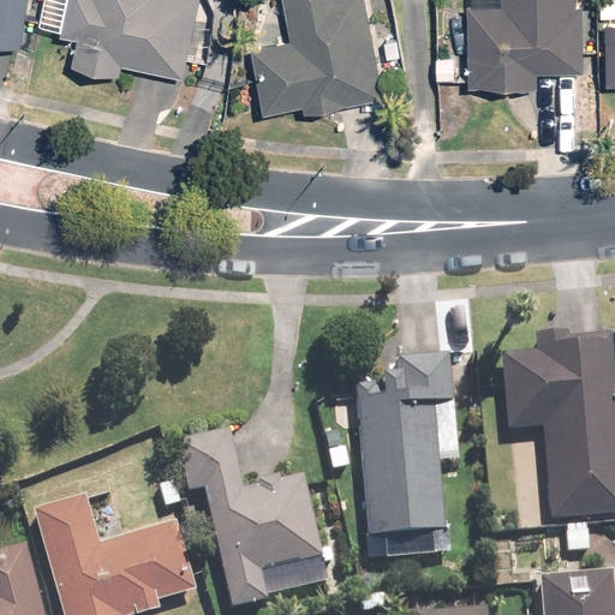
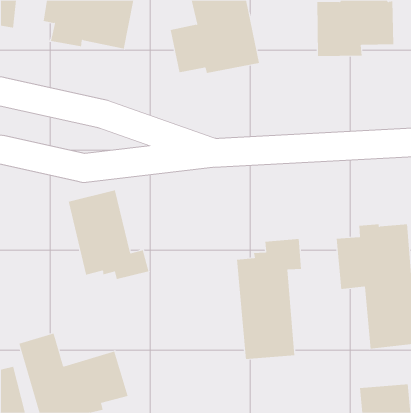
building: none -> [68,190,149,280]
building: [174,430,321,607] -> none

